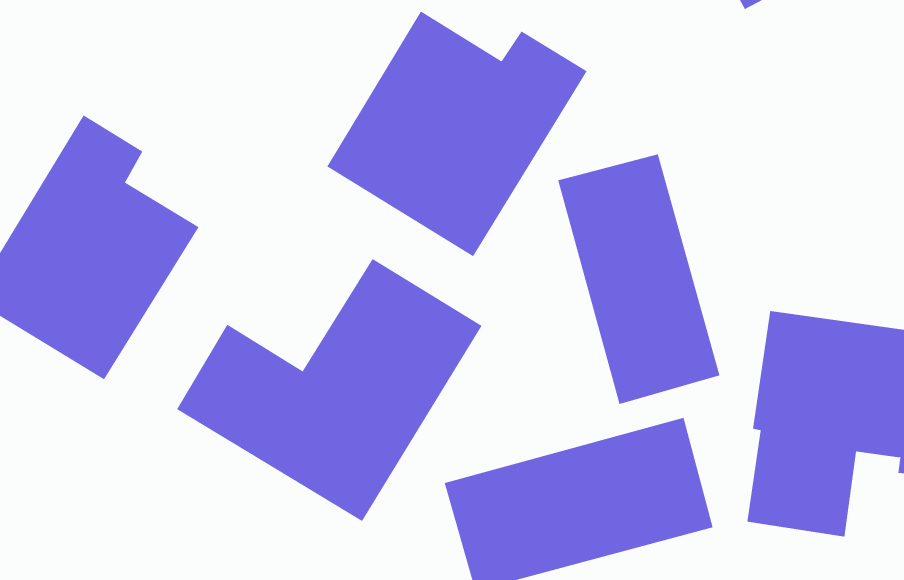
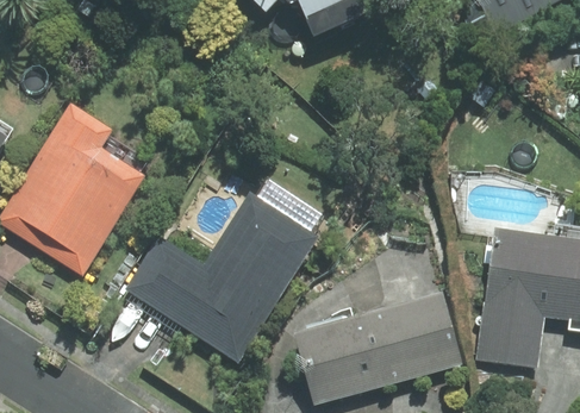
building: [327,11,588,257] -> none
building: [557,153,720,405] -> none

